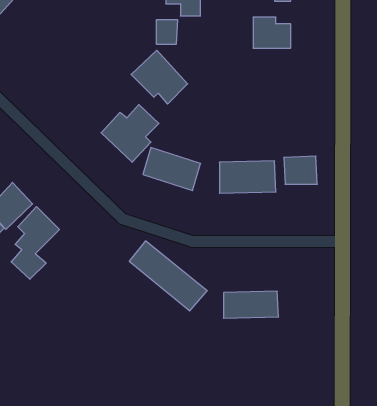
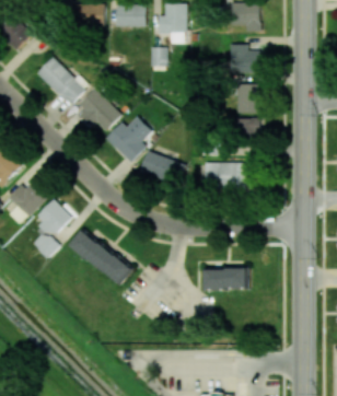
building: none -> [36,57,84,105]
building: [131,50,188,104] -> [74,88,120,131]
building: none -> [236,84,258,114]
building: [284,156,317,184] -> [233,118,260,141]
building: [129,241,207,311] -> [70,229,133,286]

